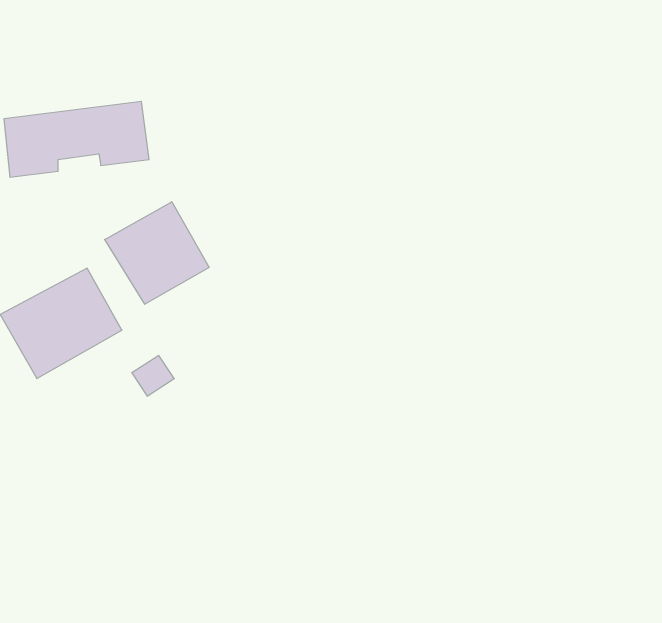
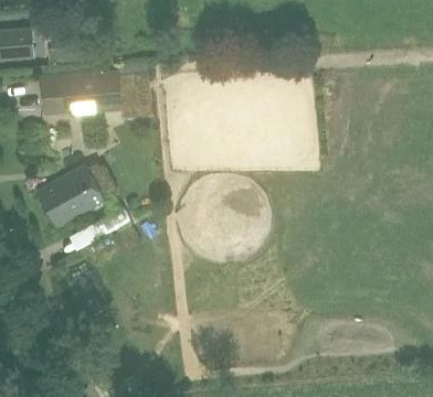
building: [105,202,209,304] -> none

